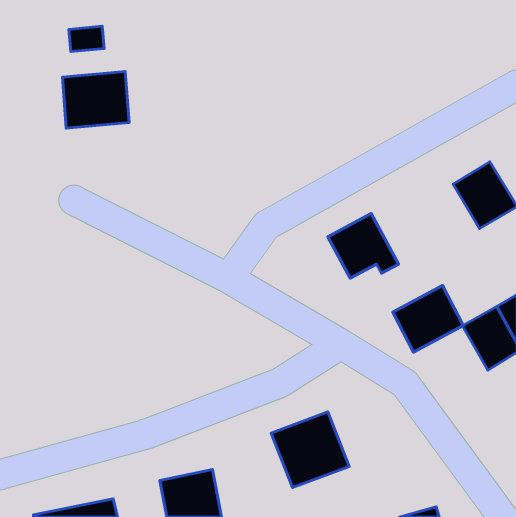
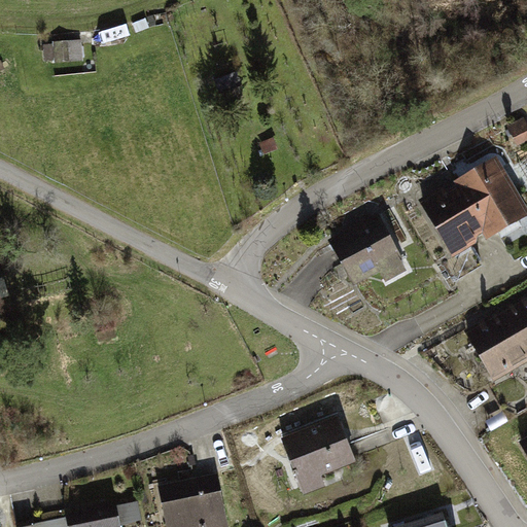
building: [62,71,129,128] -> none
building: none -> [429,187,489,252]
building: [393,286,463,352] -> none

